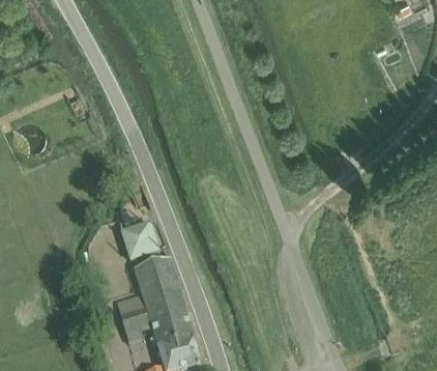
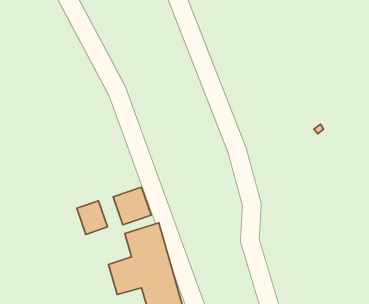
building: none -> [77,201,107,234]

